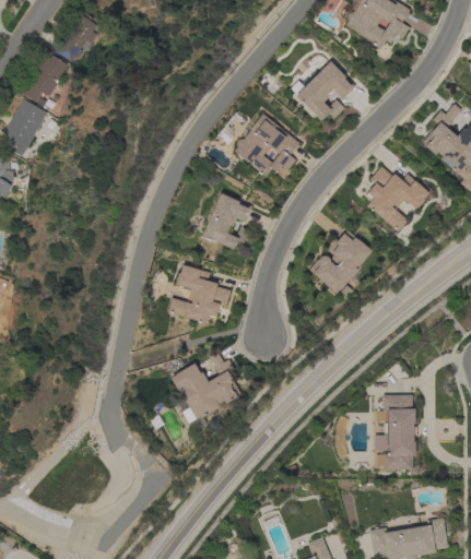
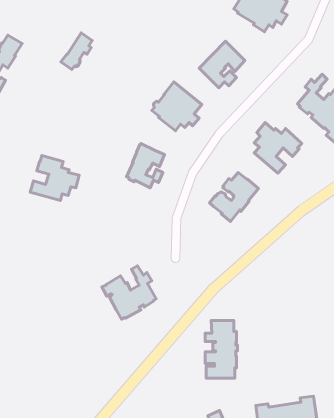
building: [57,15,97,62] -> [61,33,92,69]
building: [167,265,231,323] -> [30,156,79,200]
building: [375,395,416,469] -> [205,320,237,378]

